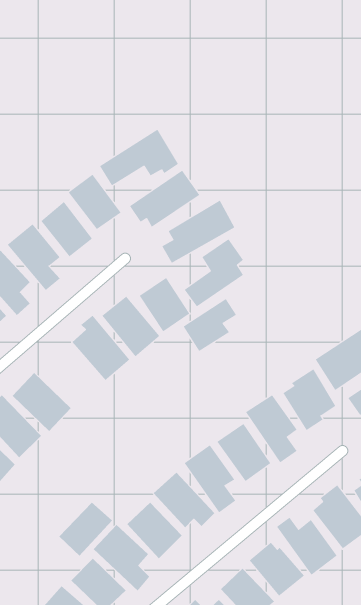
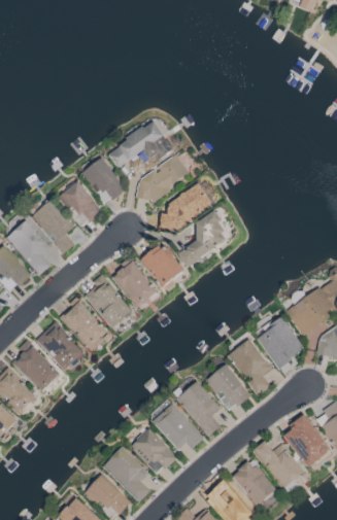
building: [183,298,237,352] -> none
building: none -> [59,299,108,350]
building: [58,502,113,556] -> none

